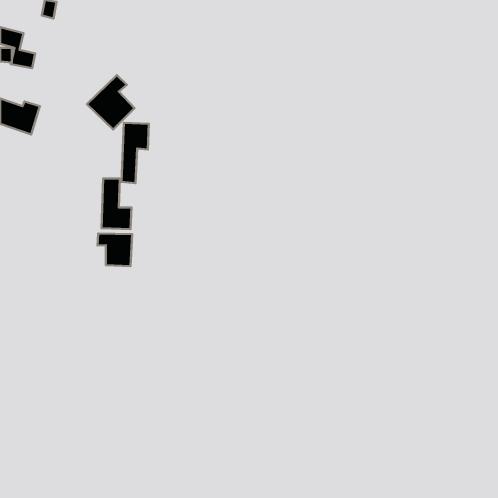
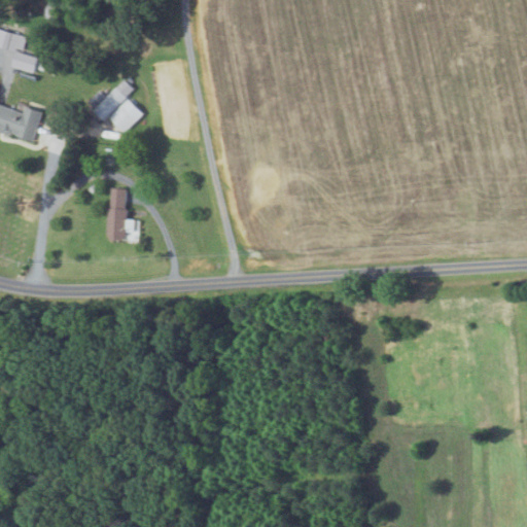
building: [121,123,149,183] -> none
building: [98,233,132,266] -> none

